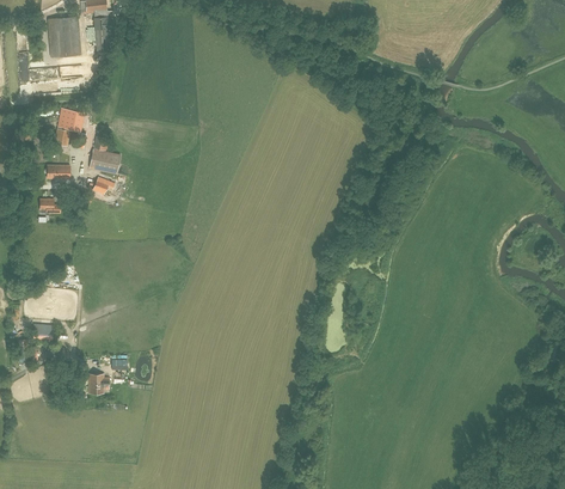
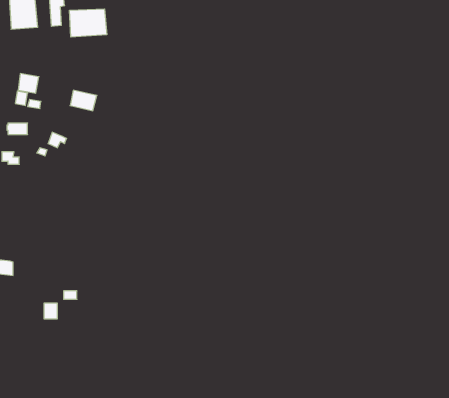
building: none -> [70,9,107,37]
building: [90,149,121,173] -> [70,90,97,111]

